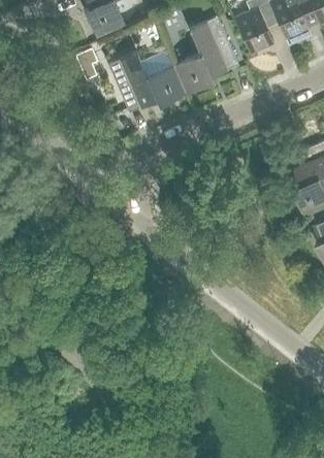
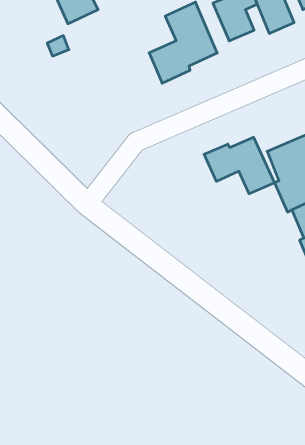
building: [109,52,187,113] -> none
building: none -> [204,137,275,194]

